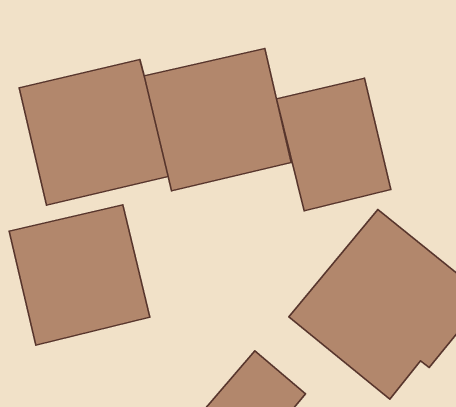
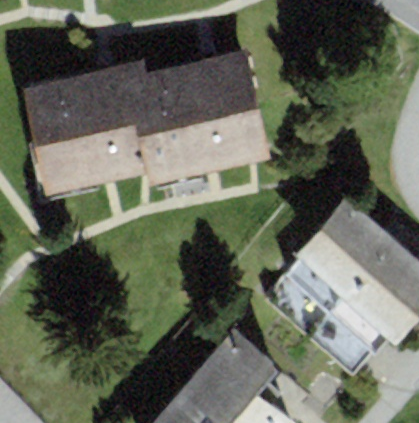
building: [276,78,391,211] -> none
building: [9,205,150,345] -> none

